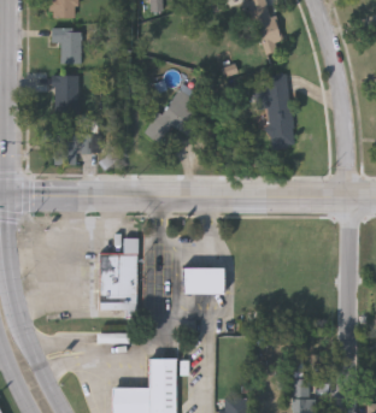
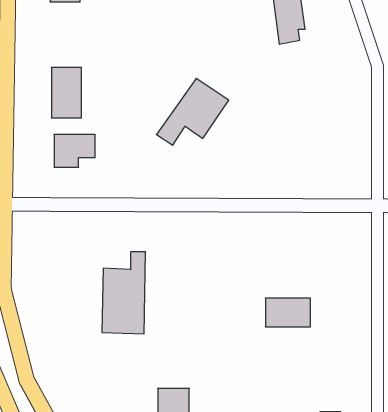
building: [53,29,83,65] -> none
building: [266,75,295,149] -> none
building: [182,269,222,294] -> [265,298,310,327]

